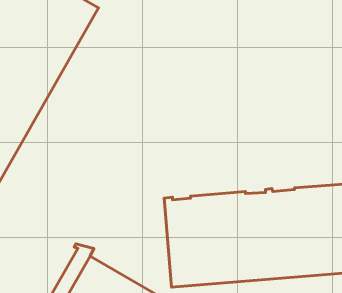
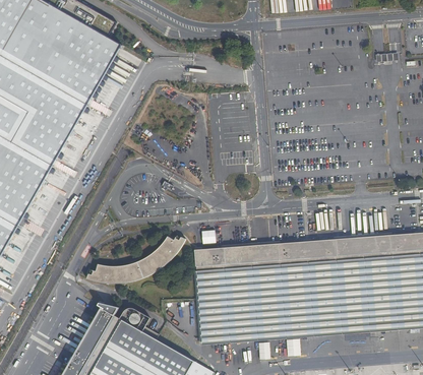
building: none -> [85,237,184,285]

